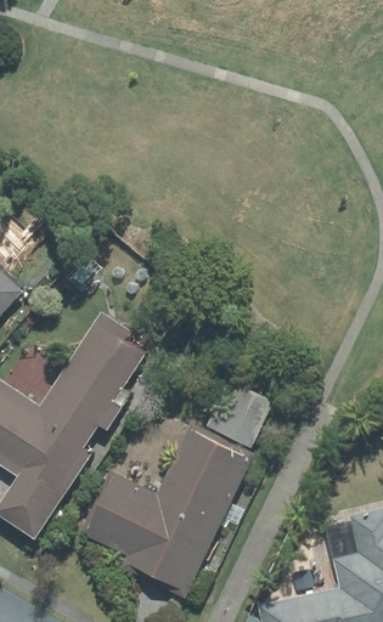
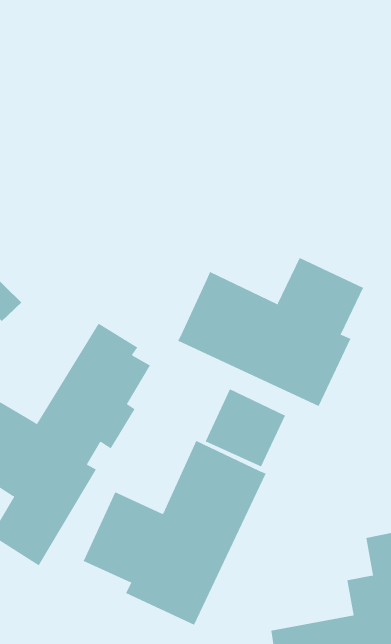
building: none -> [177,257,364,407]

